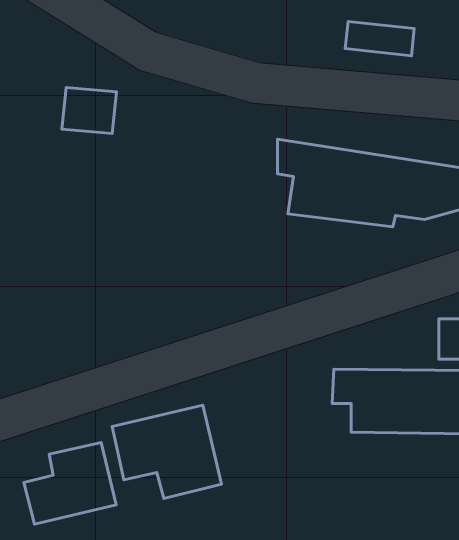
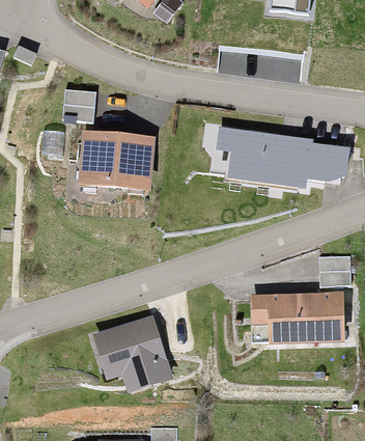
building: none -> [75,131,150,187]
building: [24,442,116,524] -> none

